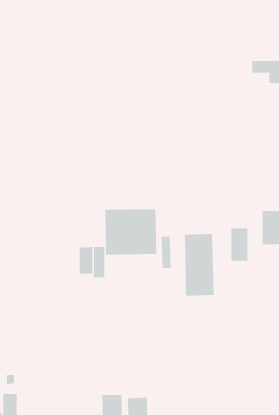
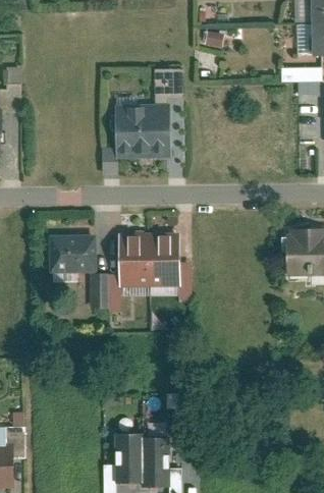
building: none -> [118,106,174,161]
building: none -> [49,233,93,268]
building: [230,228,248,261] -> none
building: [184,233,215,296] -> none

